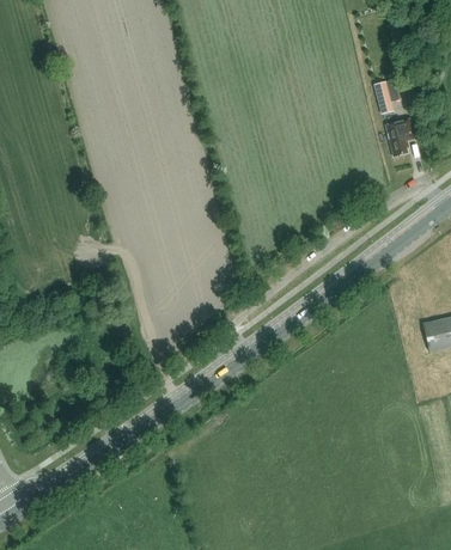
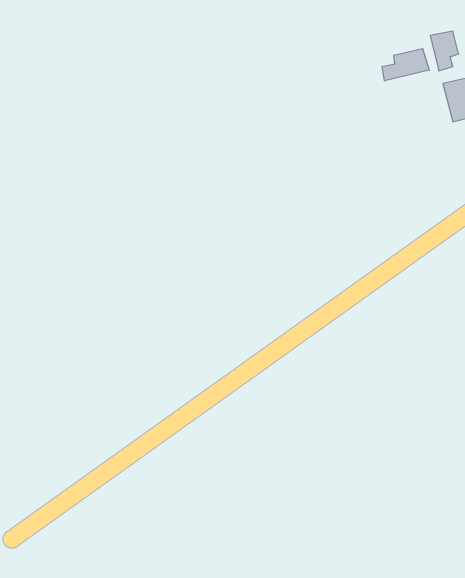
building: none -> [382,48,429,81]

